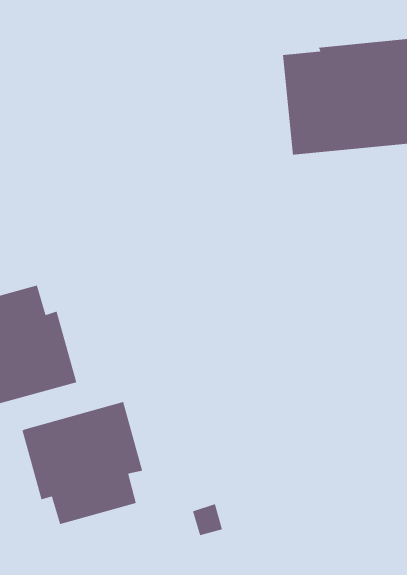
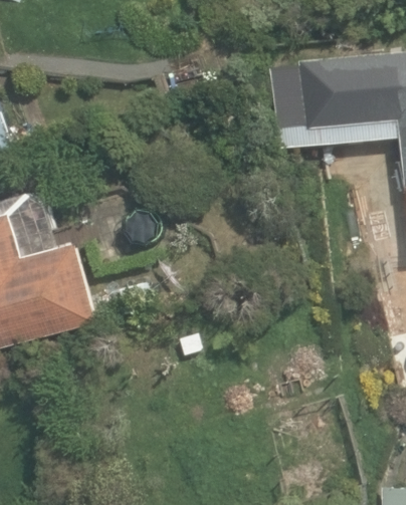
building: [22,401,143,525] -> none

